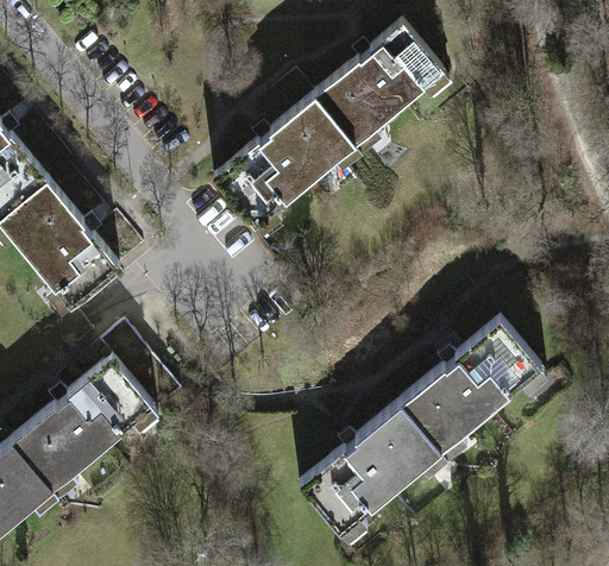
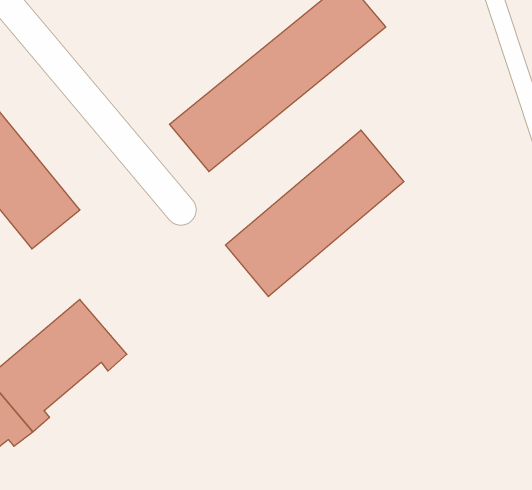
building: none -> [225,130,404,297]
building: [304,316,545,534] -> none

